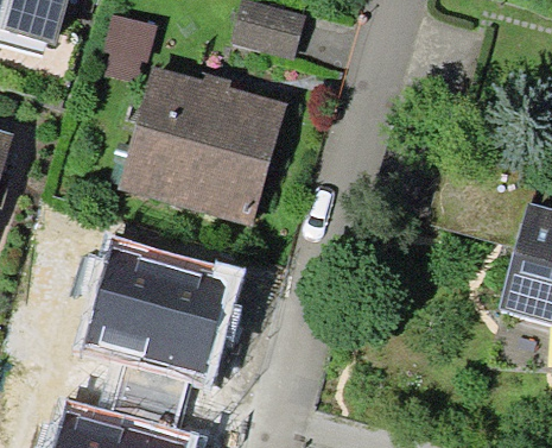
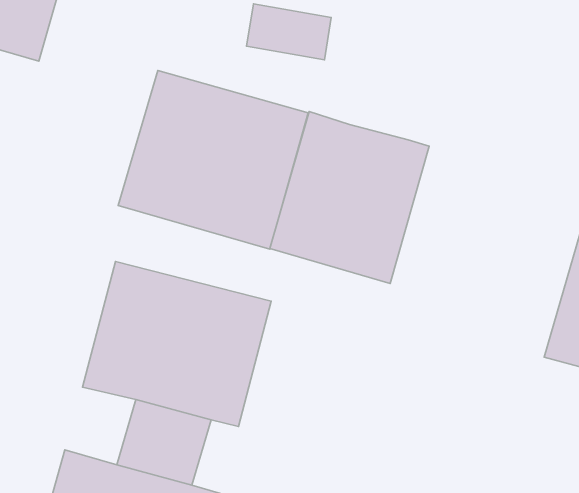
building: none -> [270,111,429,283]

